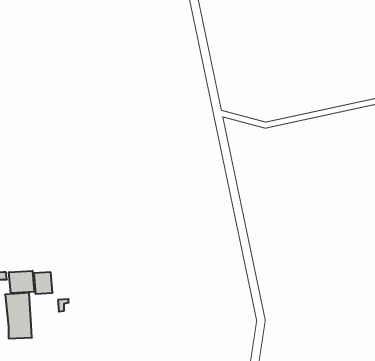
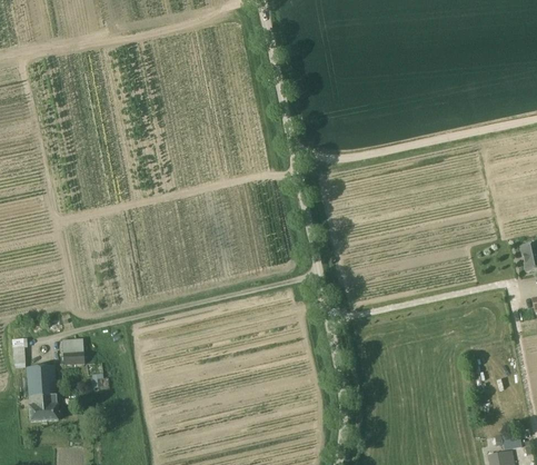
building: [9,271,34,293] -> none

